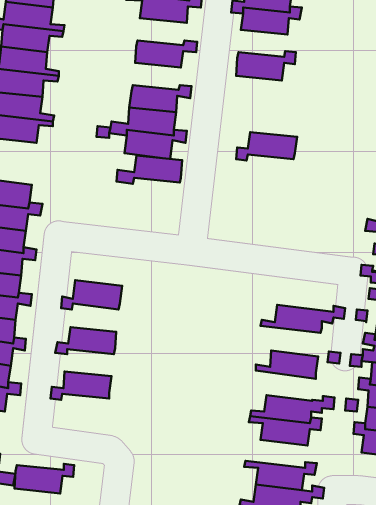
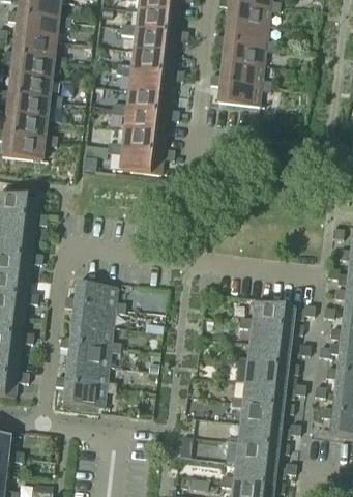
building: none -> [116,51,175,76]
building: [236,132,297,160] -> [210,61,264,86]
building: [116,156,182,184] -> [112,90,170,115]
building: none -> [72,302,125,327]
building: none -> [239,322,303,349]
building: none -> [67,342,121,367]
building: none -> [235,361,299,388]
building: none -> [227,422,301,447]
building: [14,464,74,493] -> [63,381,116,407]

